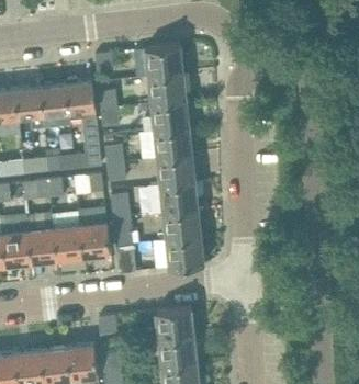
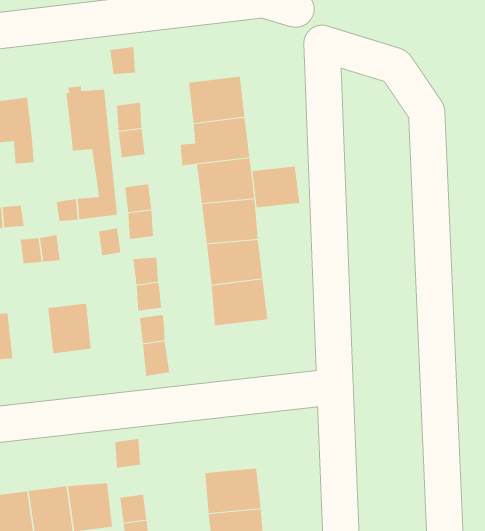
building: [133,46,182,79] -> none
building: [40,84,69,132] -> none
building: none -> [252,166,300,208]
building: [77,208,110,257] -> none
building: [26,229,56,263] -> none
building: [165,237,203,269] -> none
building: [155,309,193,340] -> none

